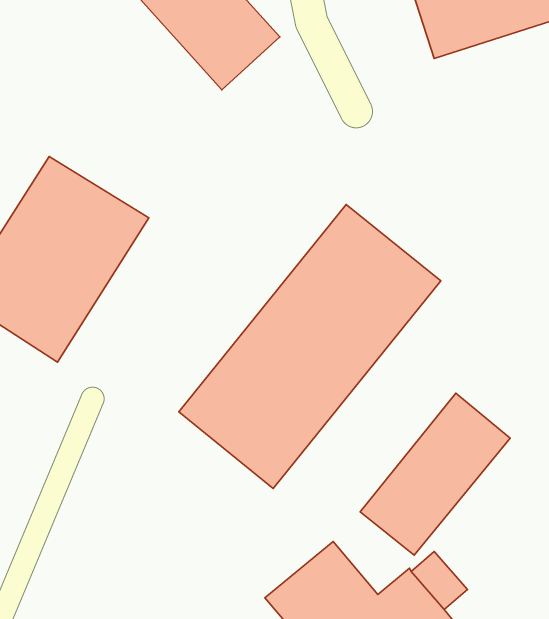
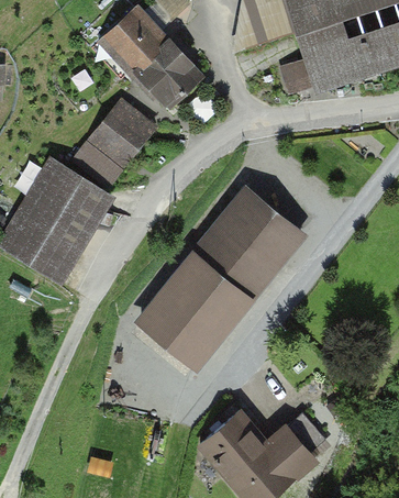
building: none -> [80,96,156,171]
building: [360,393,510,555] -> none

